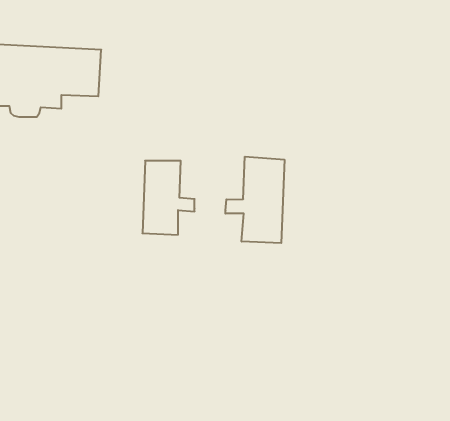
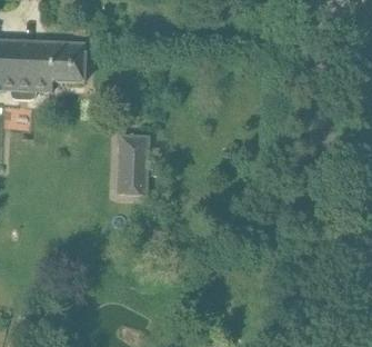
building: [225,157,284,243] -> none

